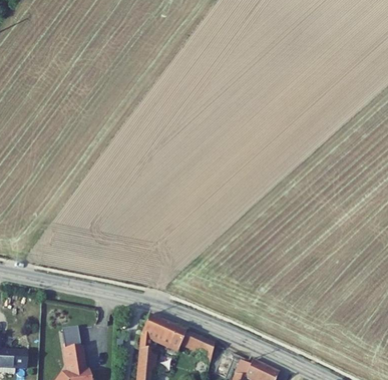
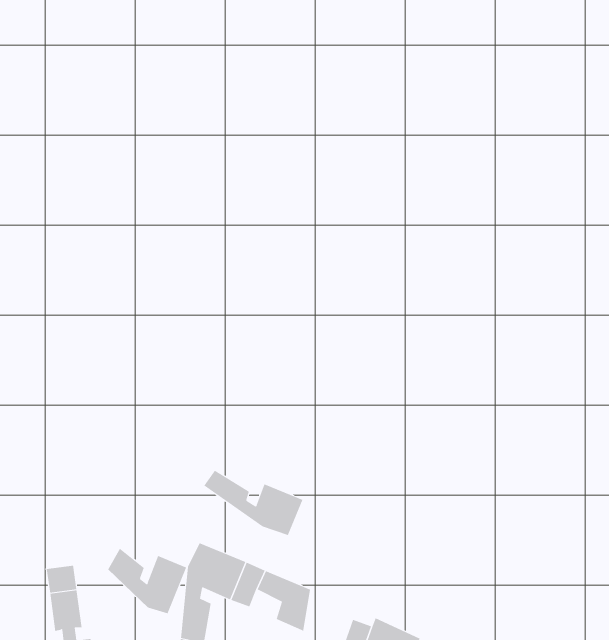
building: none -> [203,470,303,536]
building: none -> [107,548,187,614]

